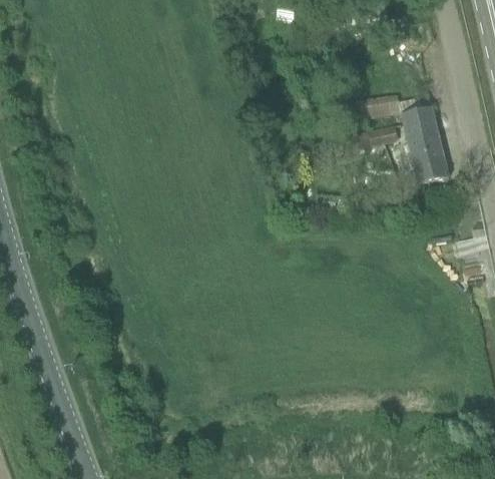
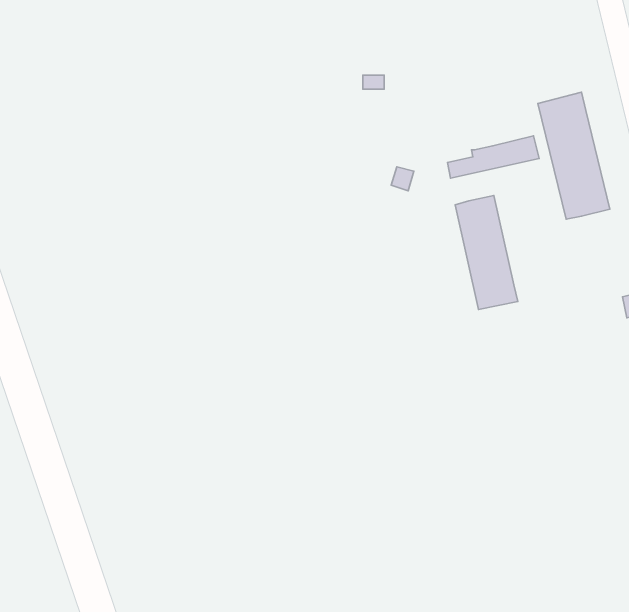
building: none -> [455,195,518,310]

